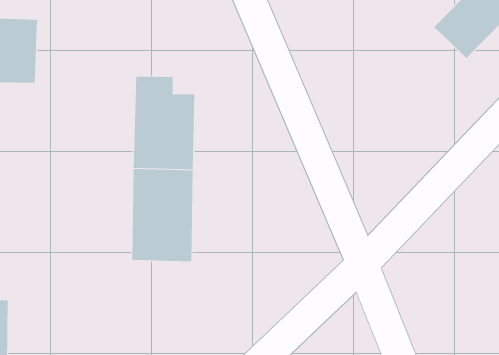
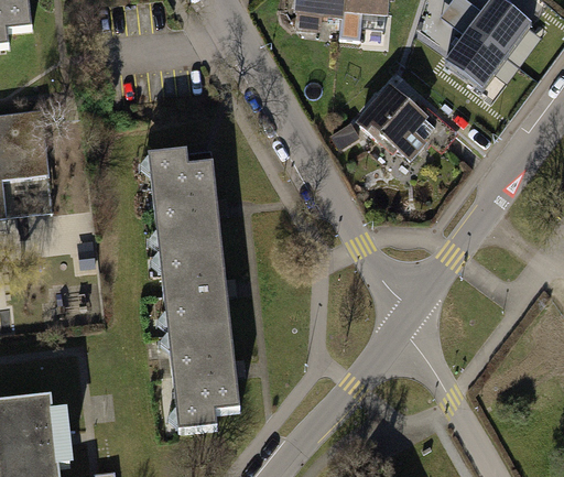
building: none -> [360,84,426,149]
building: none -> [170,336,240,433]

